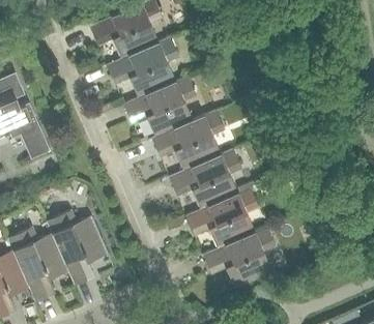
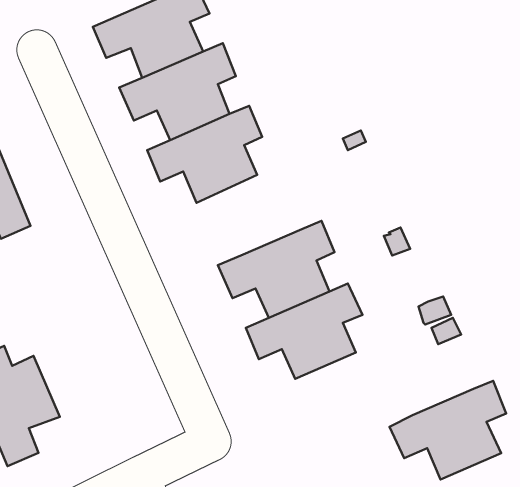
building: [151,110,225,170] -> none
building: [47,210,107,286] -> none
building: [202,226,276,288] -> [390,381,506,479]

